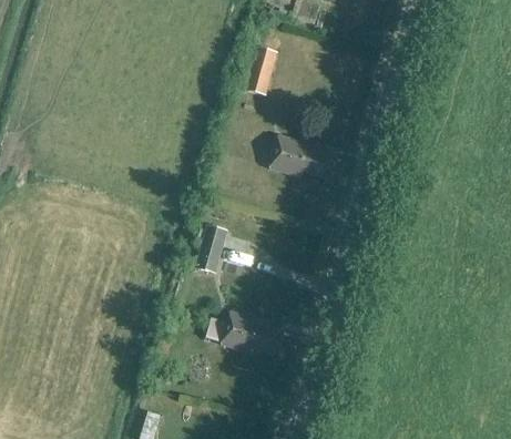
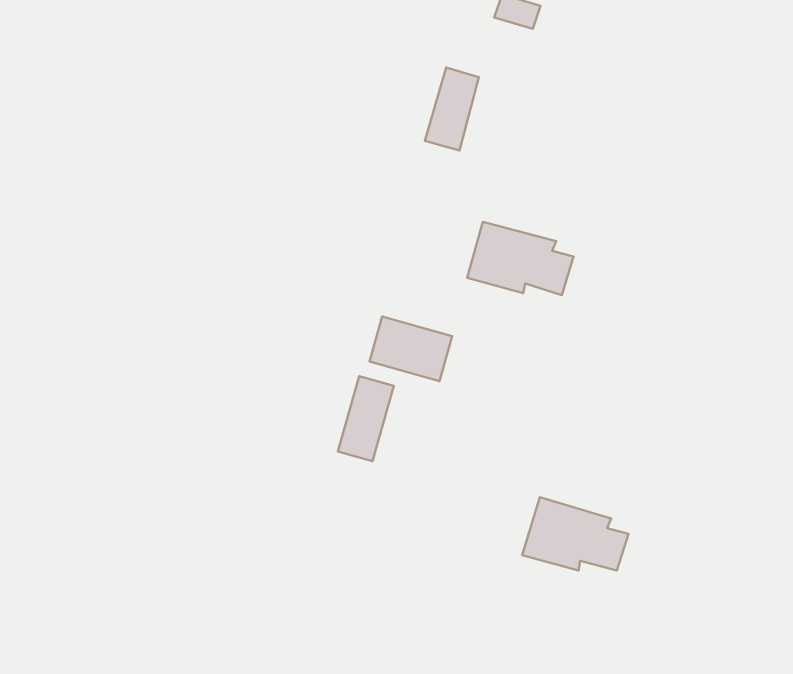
building: none -> [369,316,452,381]
building: [221,310,282,353] -> [522,497,629,571]

